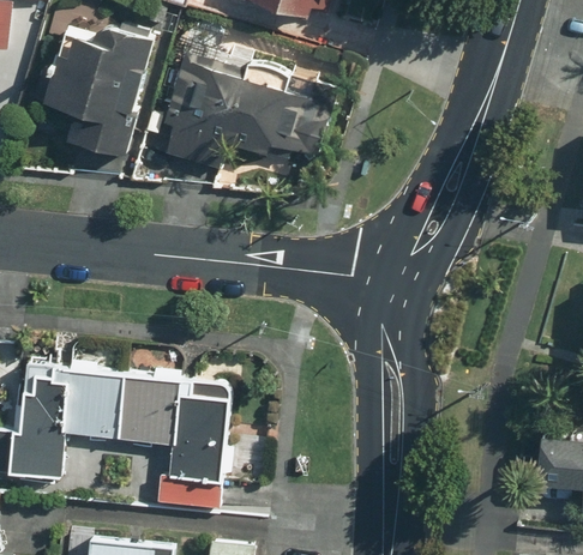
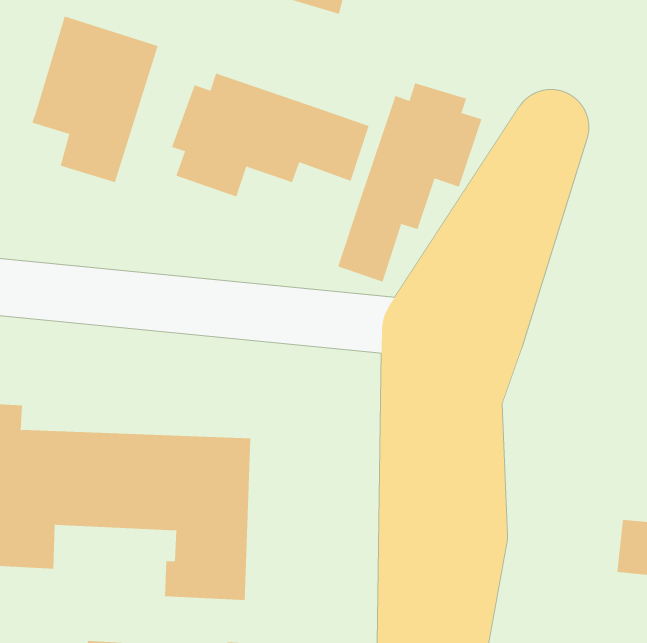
building: none -> [337,82,482,283]

